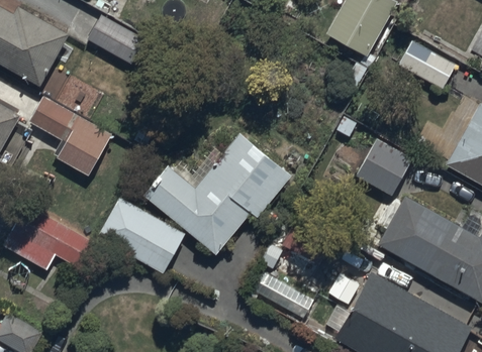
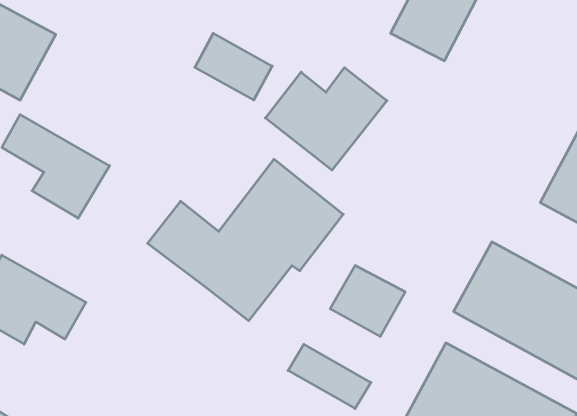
building: [87,14,147,66] -> [195,33,272,100]
building: [399,40,457,90] -> none
building: none -> [265,68,387,170]
building: [356,139,412,198] -> none
building: [97,196,187,273] -> none

